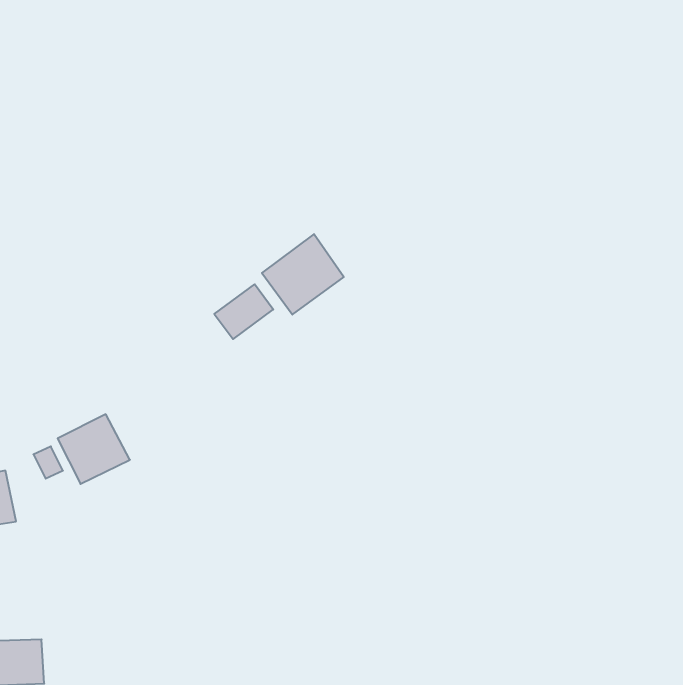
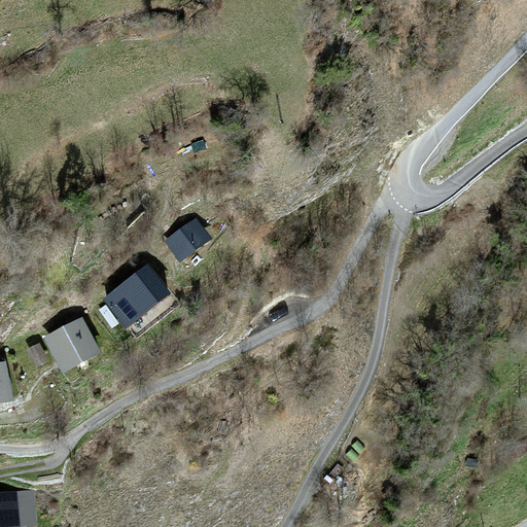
building: [262,234,344,315] -> none
building: none -> [103,265,169,327]

